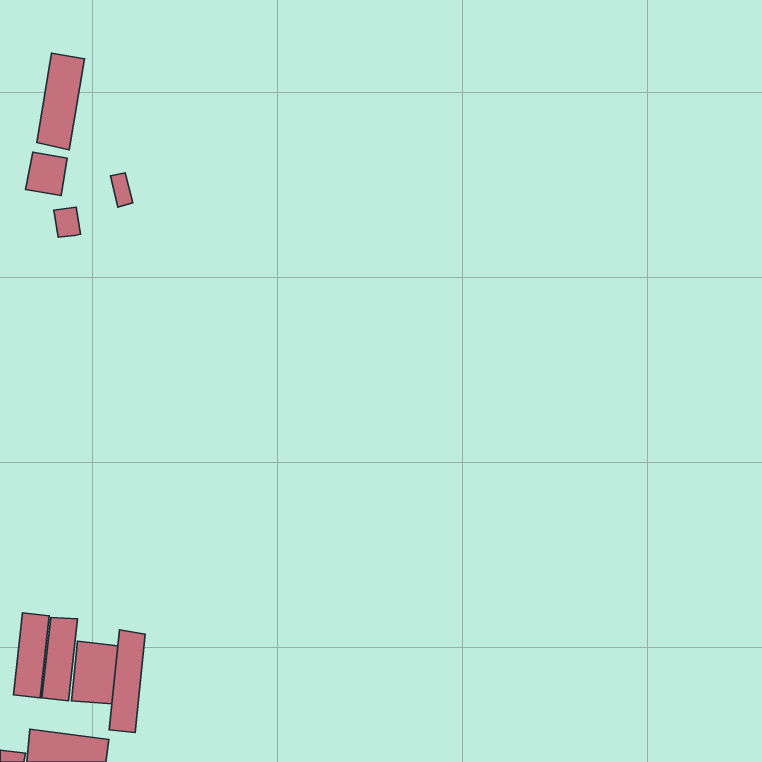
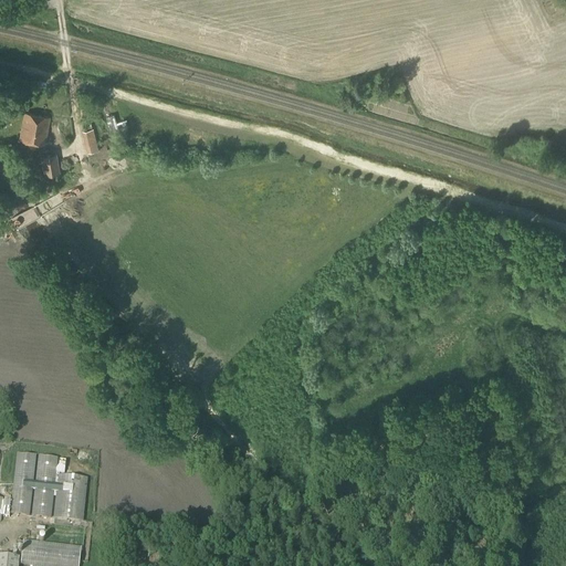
building: [37,53,85,150] -> none
building: [109,630,145,732] -> none

